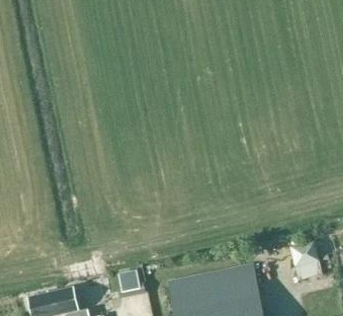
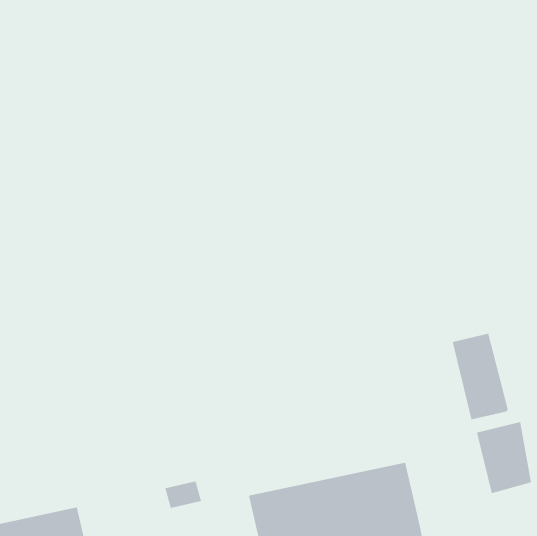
building: none -> [452,333,508,420]

